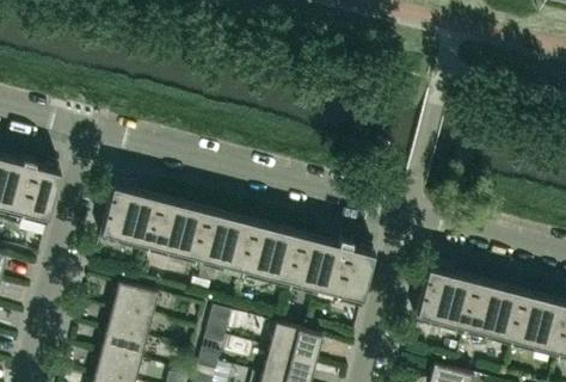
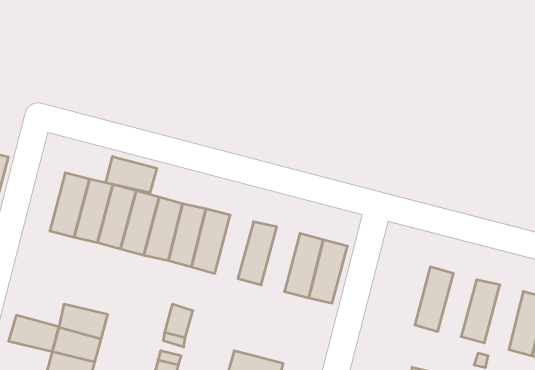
building: none -> [106,156,157,193]
building: [252,222,288,281] -> none
building: [295,233,331,292] -> none
building: [414,264,451,324] -> none
building: [459,276,494,334] -> none
building: [112,281,159,314] -> [9,315,59,351]
building: [502,286,537,346] -> none
building: [270,321,322,359] -> none

